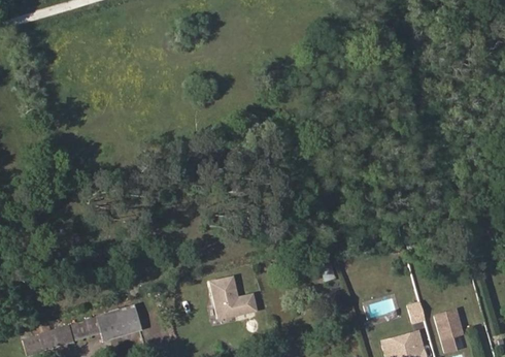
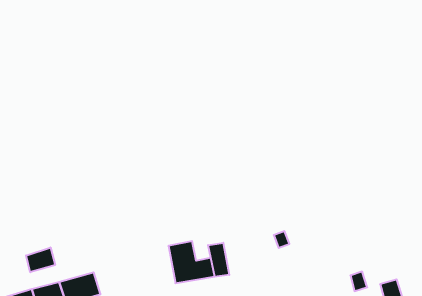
building: none -> [208,243,229,277]
building: none -> [26,247,55,272]

